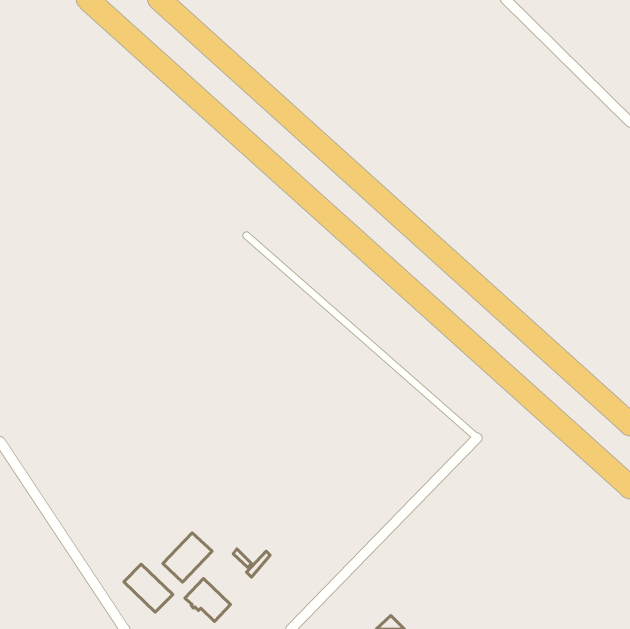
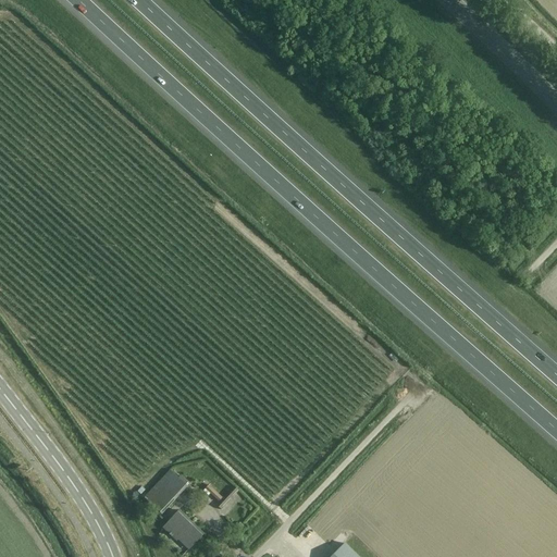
building: [124,564,173,612] -> none

